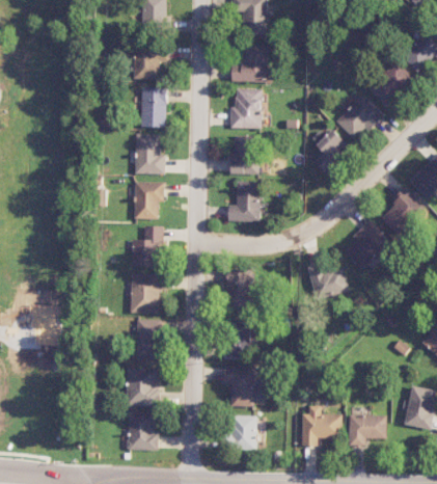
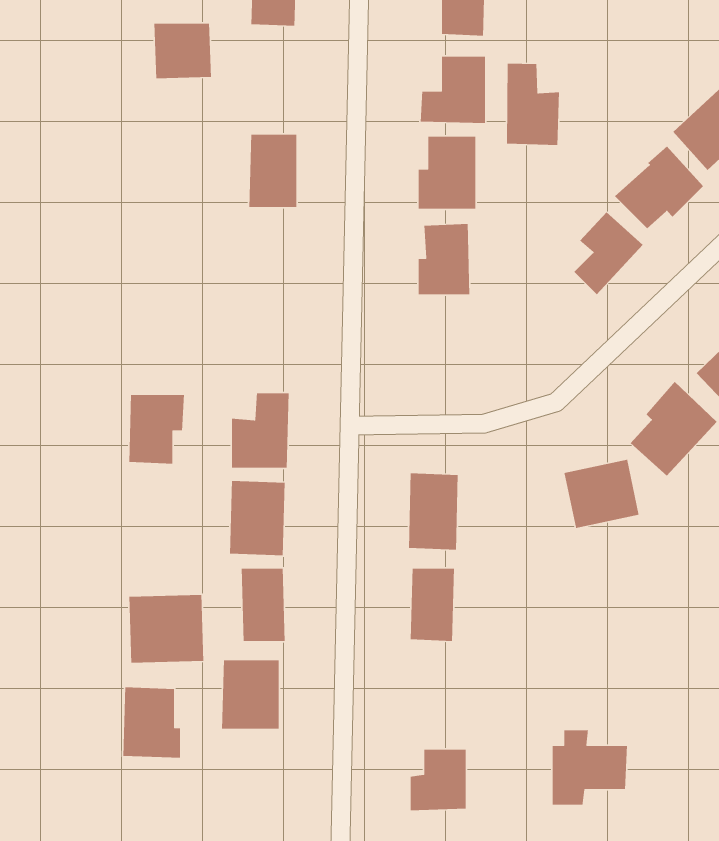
building: [134,49,165,79] -> [153,23,212,79]
building: none -> [506,63,560,146]
building: [134,133,165,174] -> none
building: [227,181,261,221] -> none
building: [134,182,164,219] -> [128,394,185,464]
building: none -> [128,594,204,663]
building: [224,366,264,406] -> none
building: [127,411,158,450] -> [122,686,181,759]
building: [349,414,386,446] -> none

